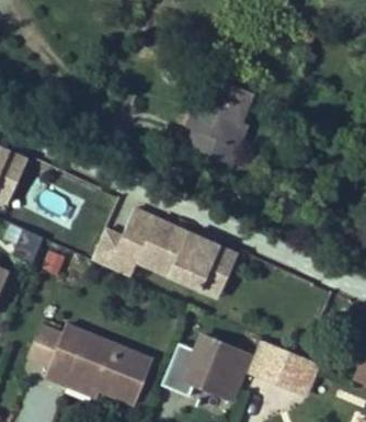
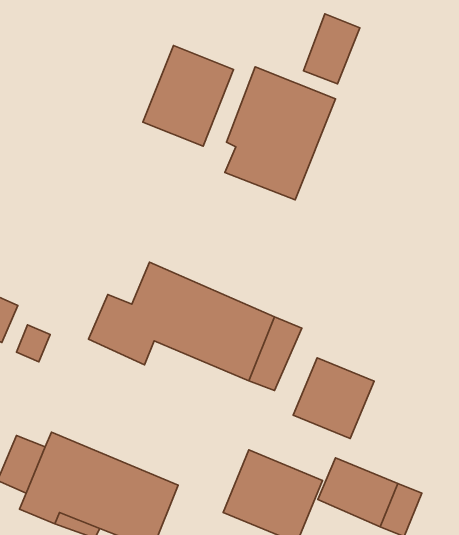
building: none -> [303,14,360,84]
building: none -> [143,46,234,146]
building: none -> [293,358,374,439]

